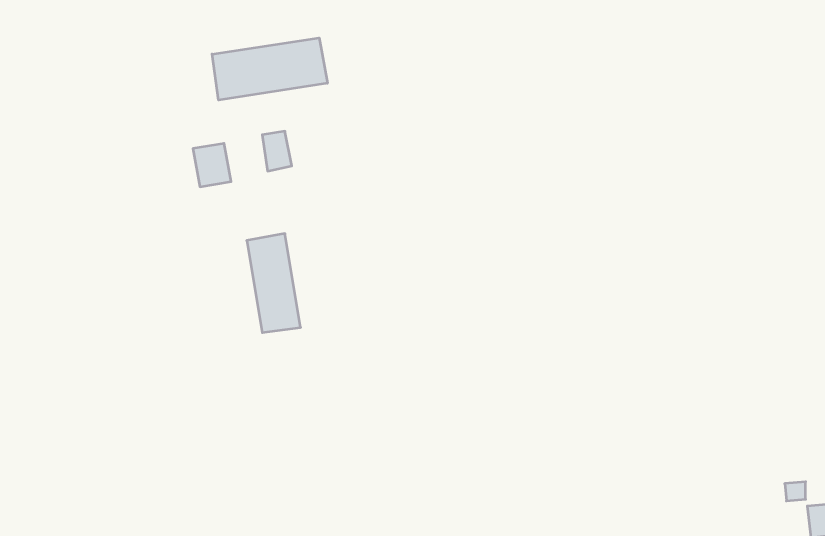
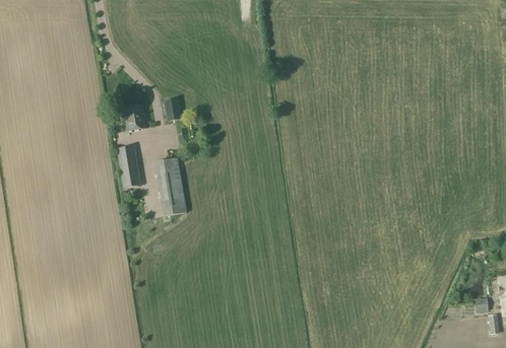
building: [212,38,327,100] -> none
building: none -> [118,145,141,188]

